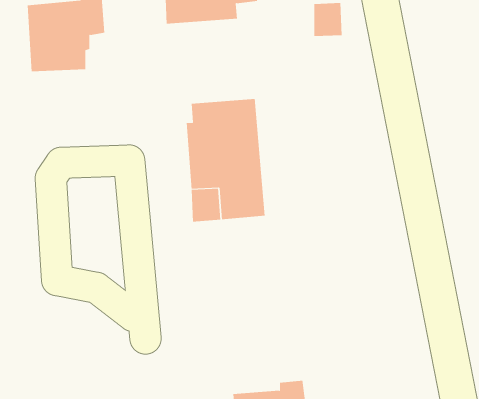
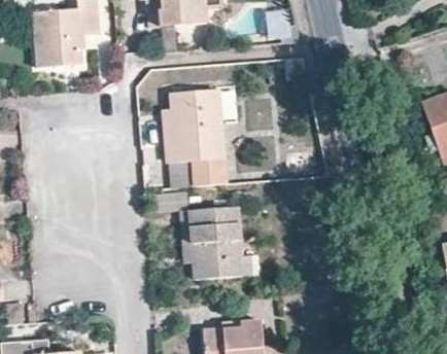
building: none -> [178,206,256,279]

